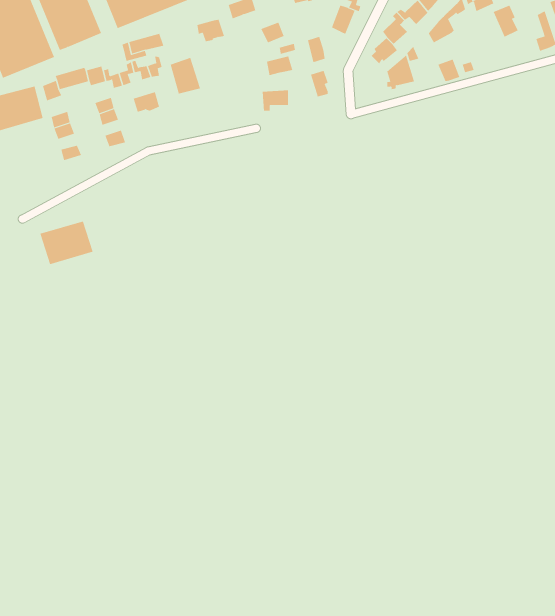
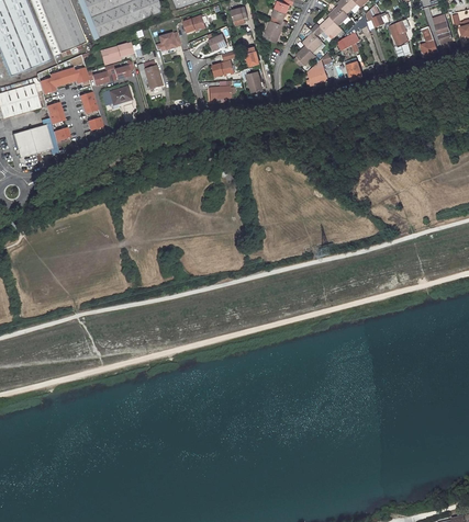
building: [39,221,93,265] -> [12,124,54,158]

